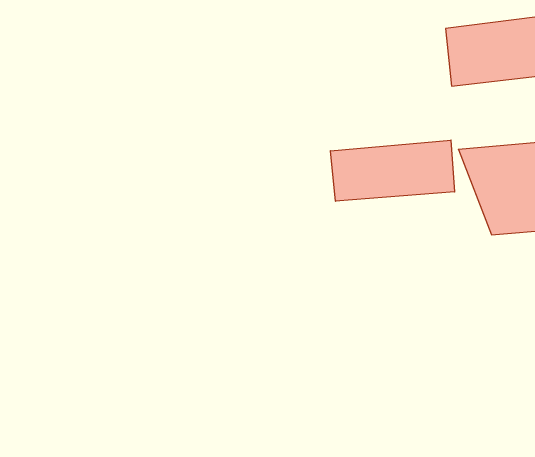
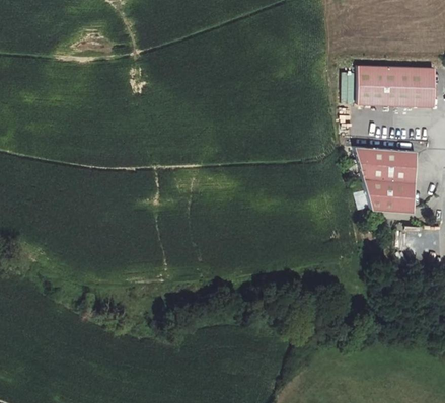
building: [330,140,455,201] -> none

